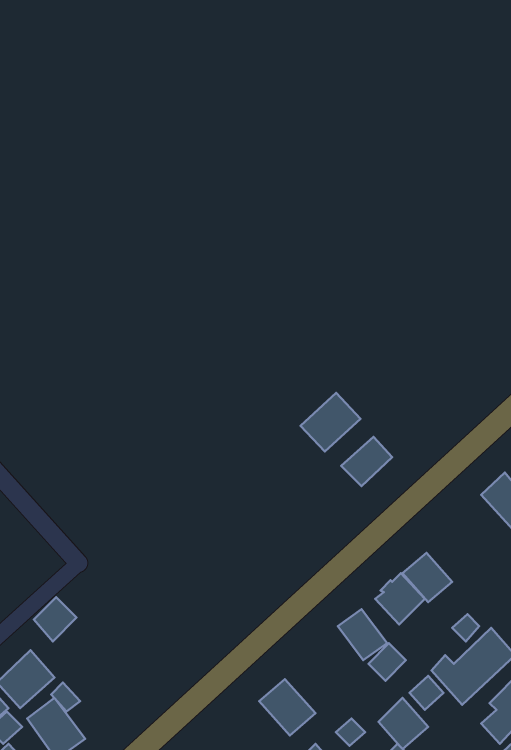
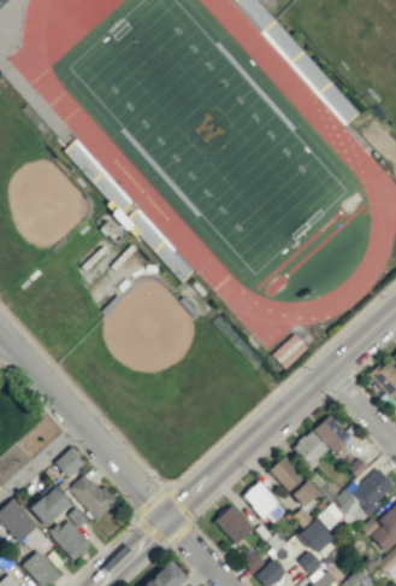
building: [300,393,361,451] -> none
building: none -> [69,474,118,520]
building: none -> [242,482,285,527]

